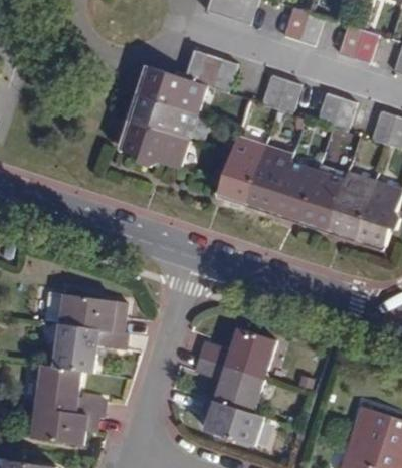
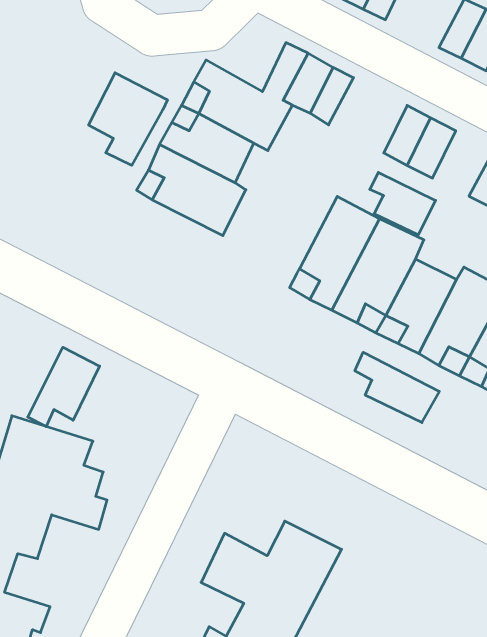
building: none -> [89,73,167,165]
building: none -> [370,172,436,235]
building: none -> [355,352,439,423]
building: none -> [28,347,100,427]

